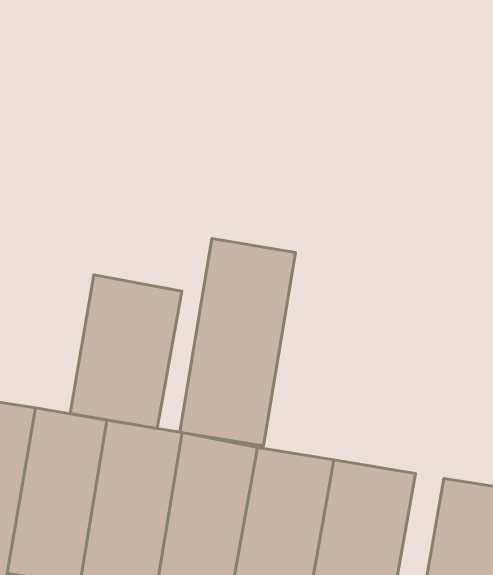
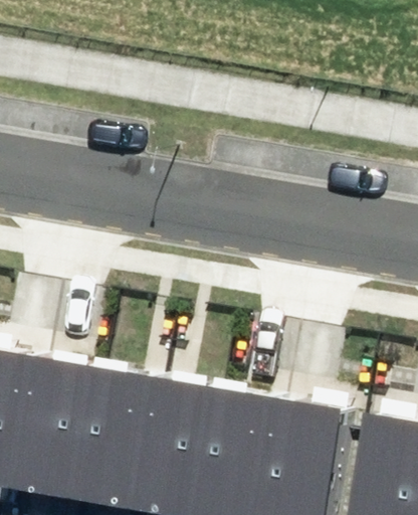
building: [180,238,295,446] -> none
building: [70,275,182,429] -> none

